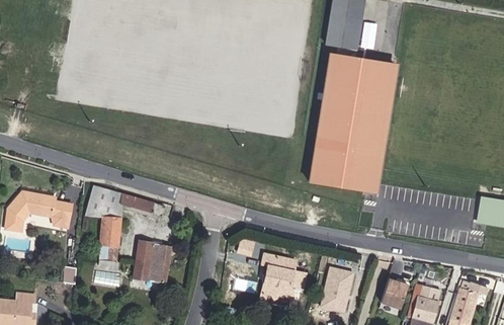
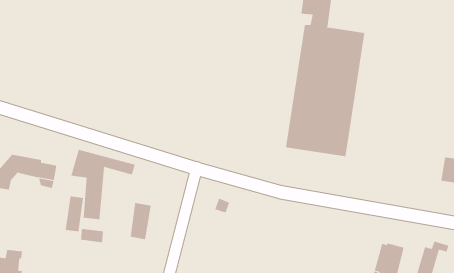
building: [133,241,153,279] -> [65,196,84,232]
building: [261,253,305,299] -> none
building: [320,264,354,312] -> none
building: [381,279,408,309] -> none

